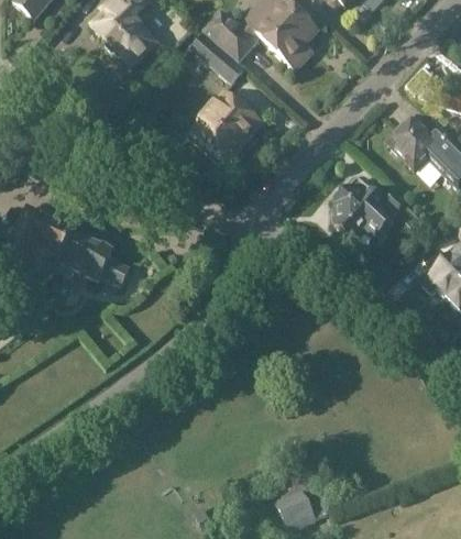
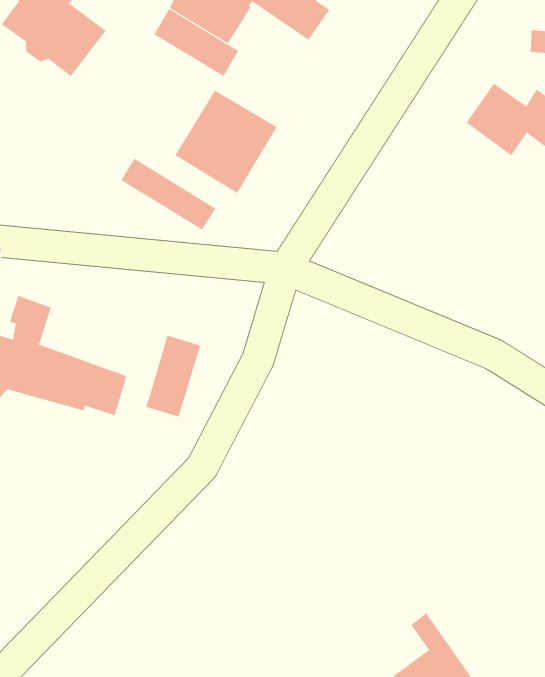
building: none -> [120,158,216,231]
building: [332,174,421,239] -> none
building: none -> [145,335,201,418]

